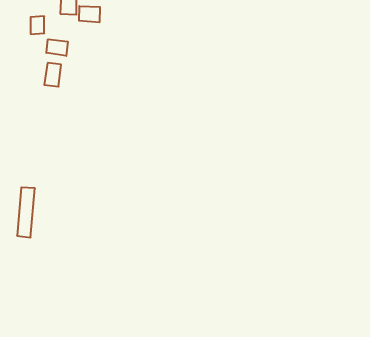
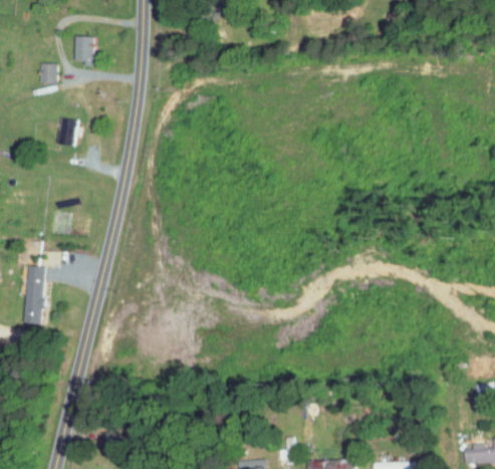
building: [79,6,100,22] -> none
building: [46,39,68,56] -> none

